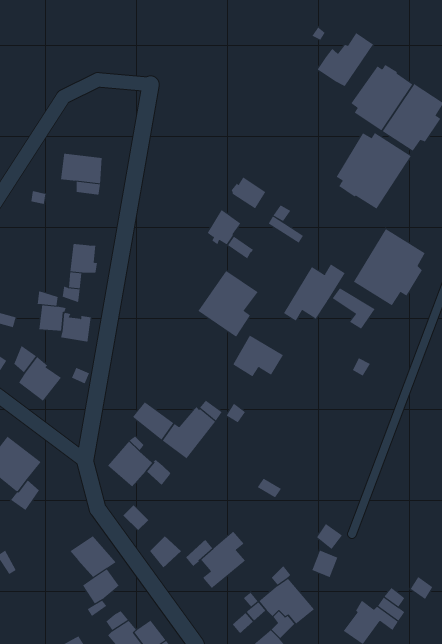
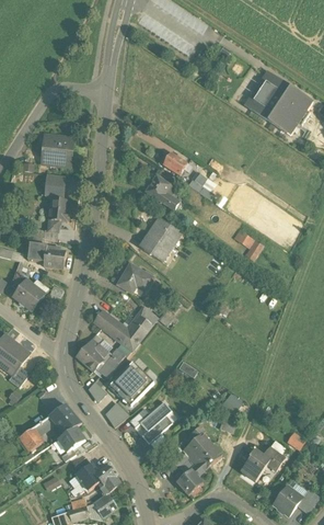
building: [317,32,374,87] -> none
building: [336,132,411,209] -> none
building: none -> [45,174,65,201]
building: [352,228,425,306] -> none
building: [283,263,345,322] -> none
building: [232,335,284,377] -> [117,263,153,293]
building: none -> [111,363,153,406]
building: none -> [21,415,55,449]

